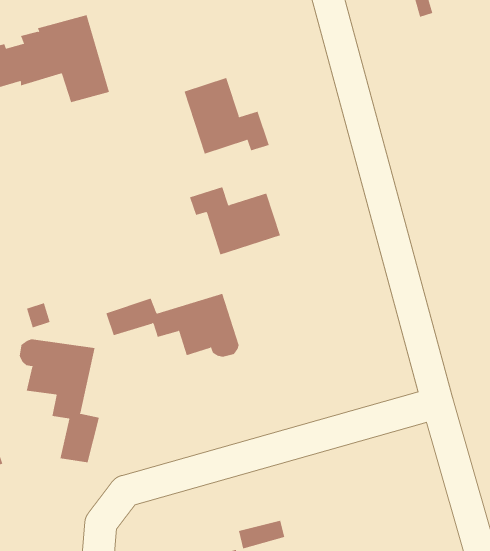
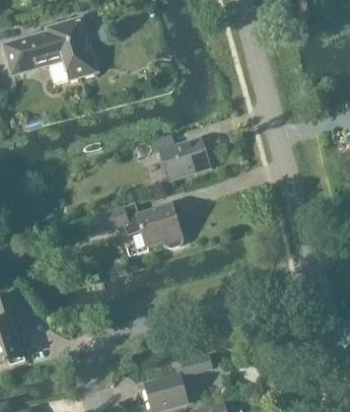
building: [184,77,269,154] -> none
building: [19,338,100,463] -> none

